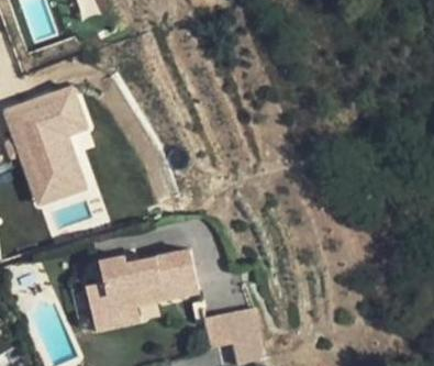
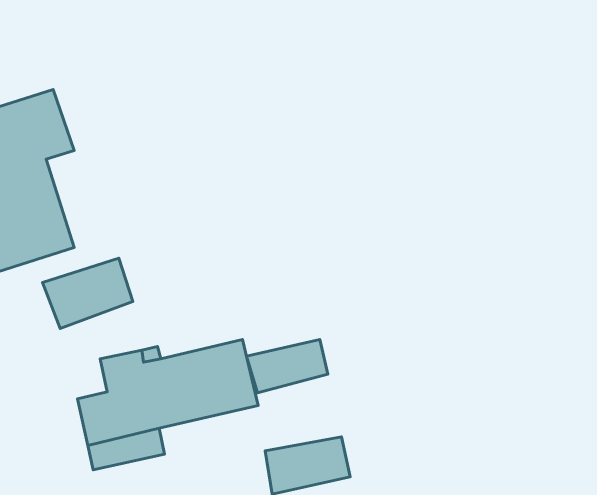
building: none -> [43,258,133,328]
building: none -> [247,339,328,393]

